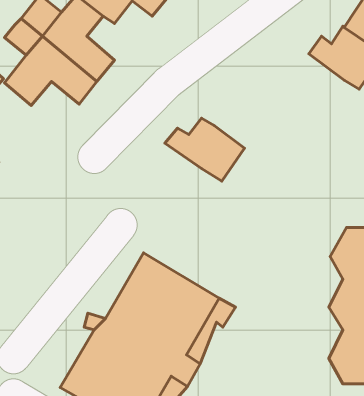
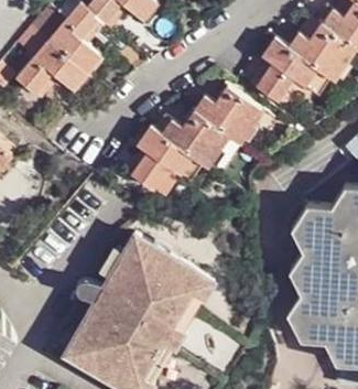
building: none -> [245,51,308,107]
building: none -> [195,100,254,149]
building: none -> [118,130,184,198]

